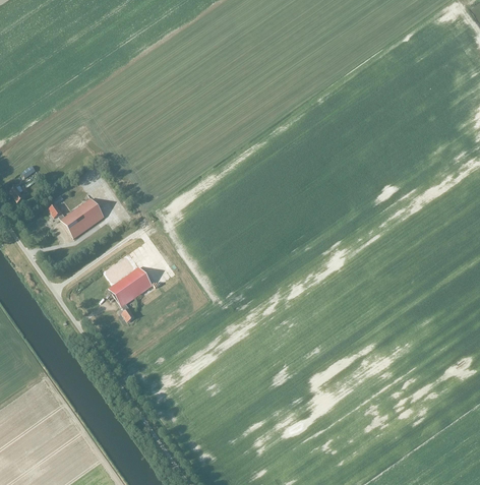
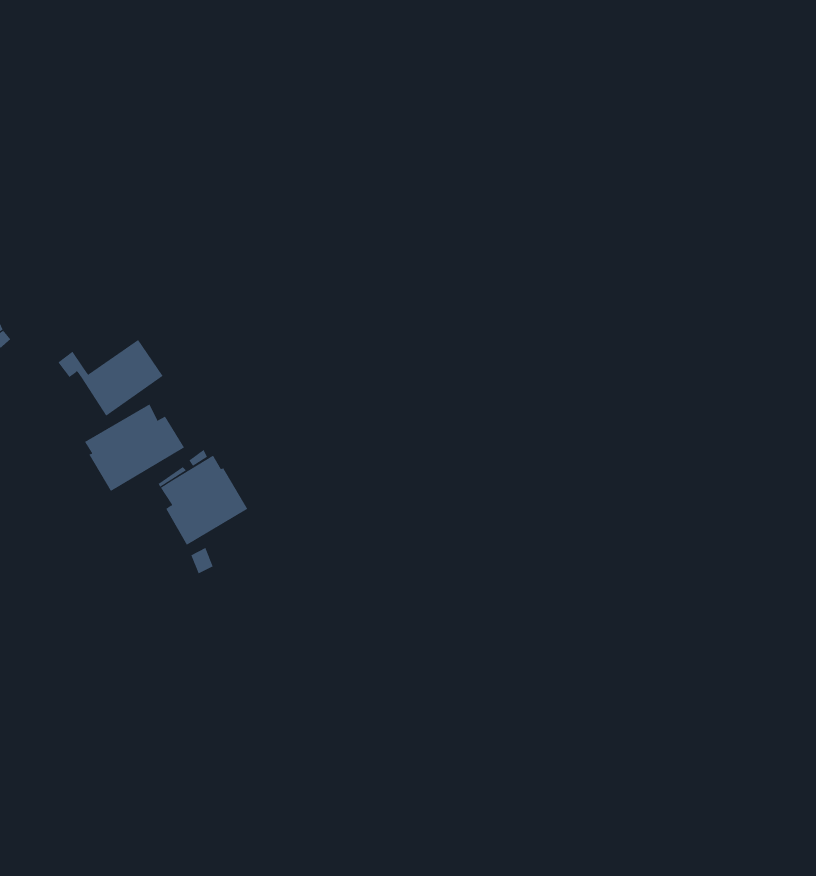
building: none -> [84,403,185,492]

